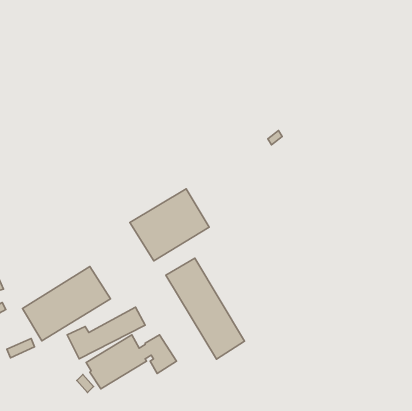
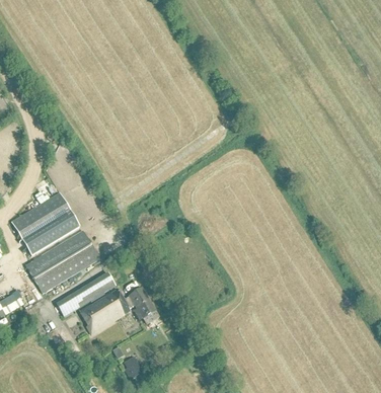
building: [130,189,209,261] -> [12,193,79,254]
building: [166,258,245,359] -> none

